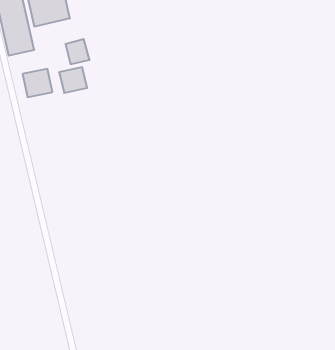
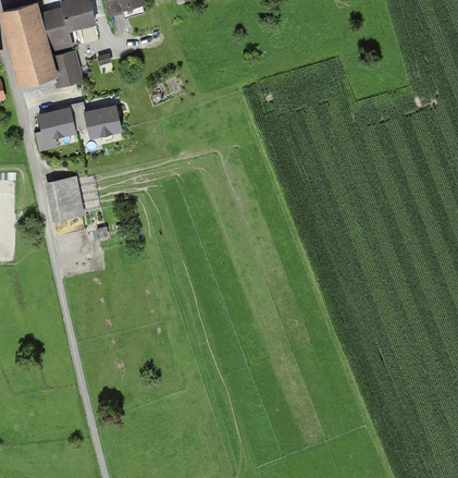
building: [65,39,90,64] -> [51,51,83,84]
building: none -> [45,176,85,224]

